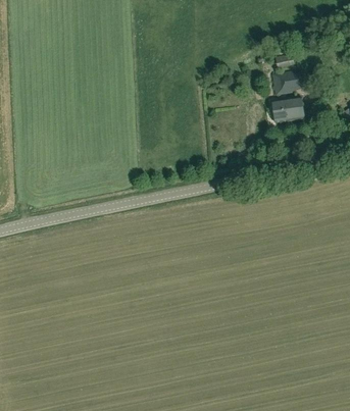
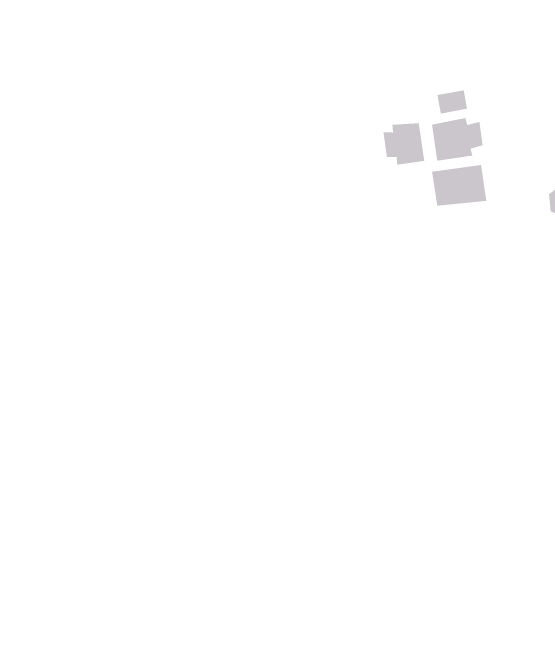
building: none -> [383,122,425,165]

